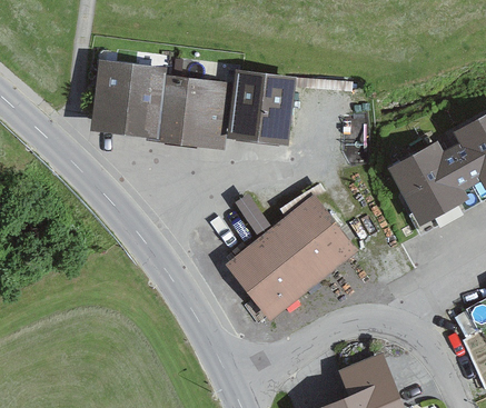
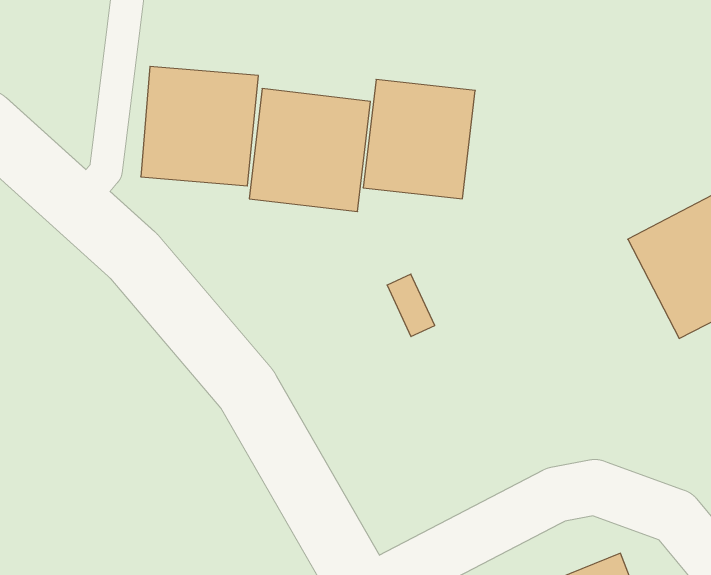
building: [227,196,358,318] -> none

